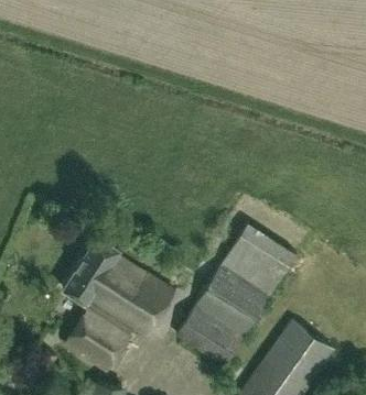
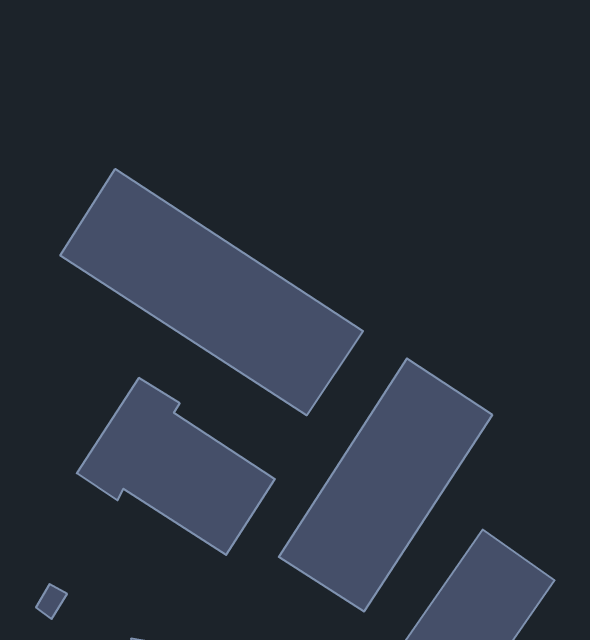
building: none -> [60,169,363,415]
building: [64,306,132,372] -> none

